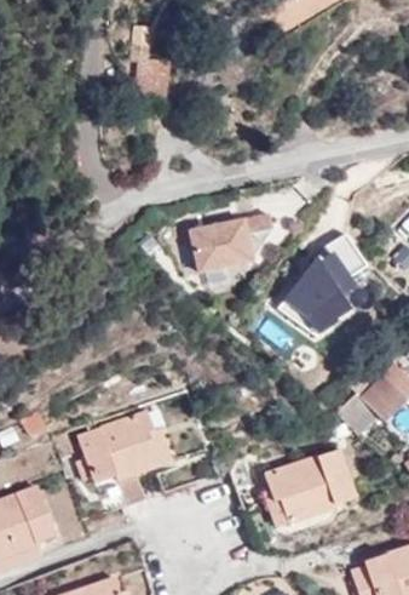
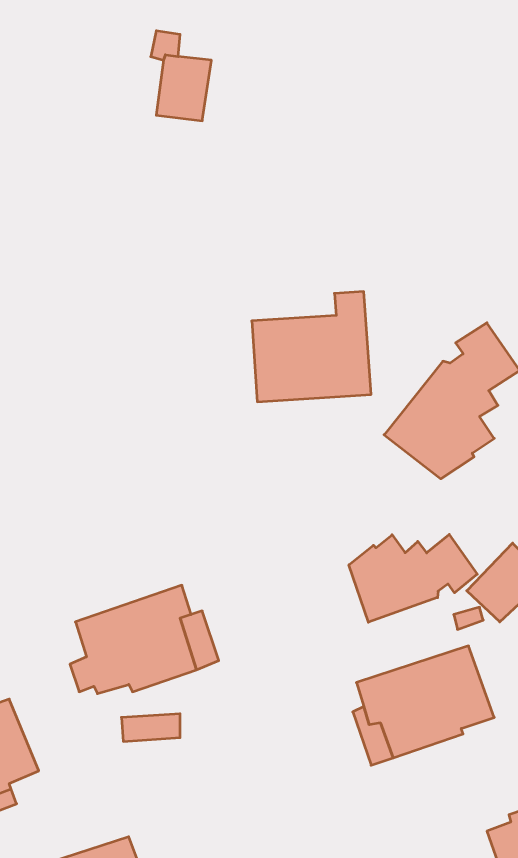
building: none -> [349,534,477,622]

